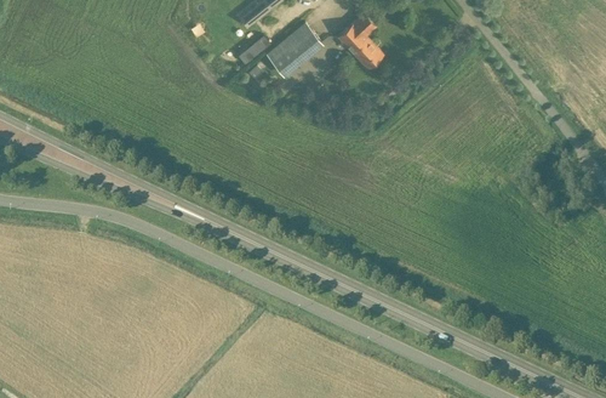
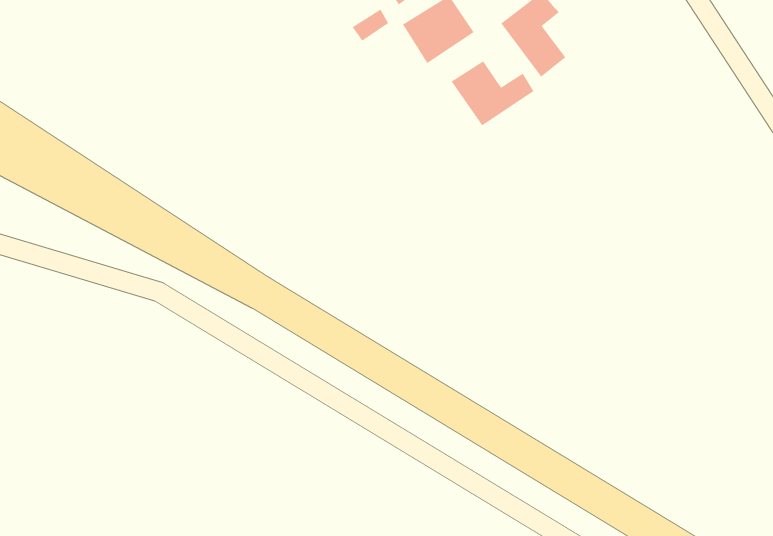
building: none -> [451,60,534,126]

